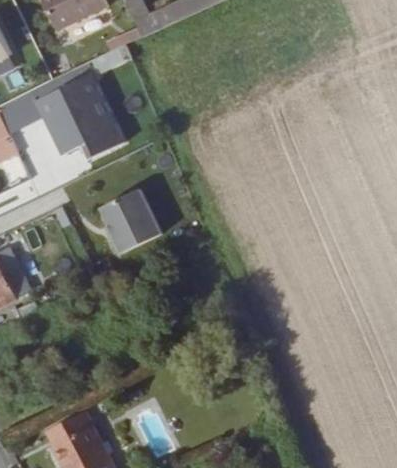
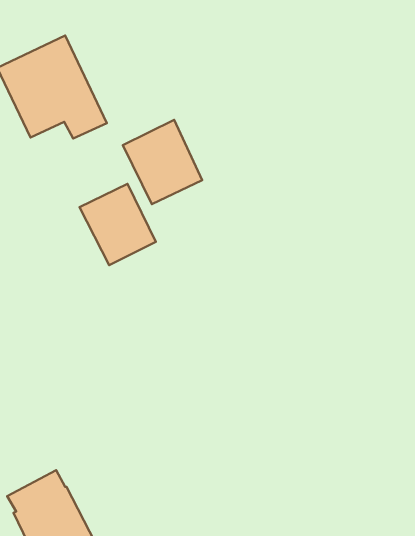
building: none -> [123,120,202,204]

